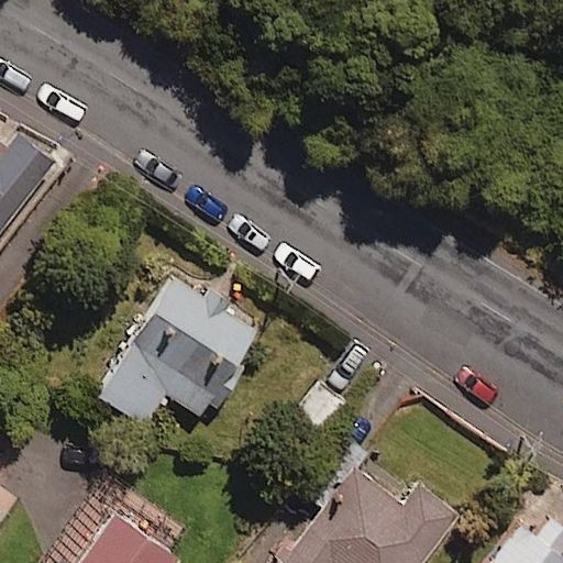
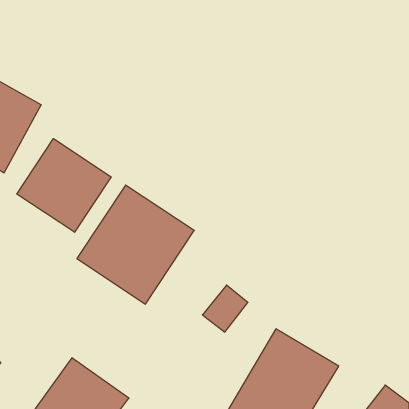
building: none -> [17,139,111,232]

